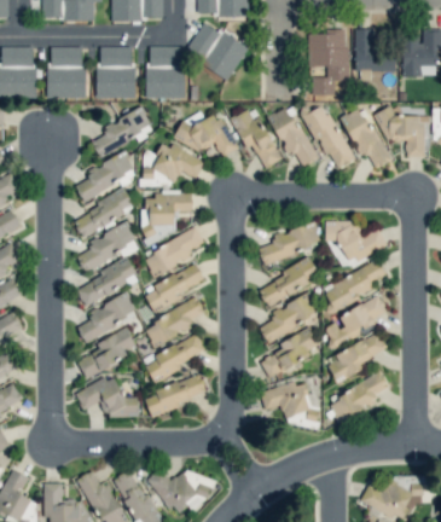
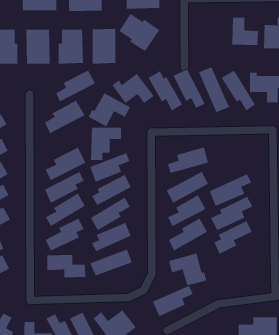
building: [308,31,349,95] -> none
building: [72,192,135,236] -> none
building: [330,221,384,259] -> none
building: [329,375,390,422] -> [152,285,194,317]

